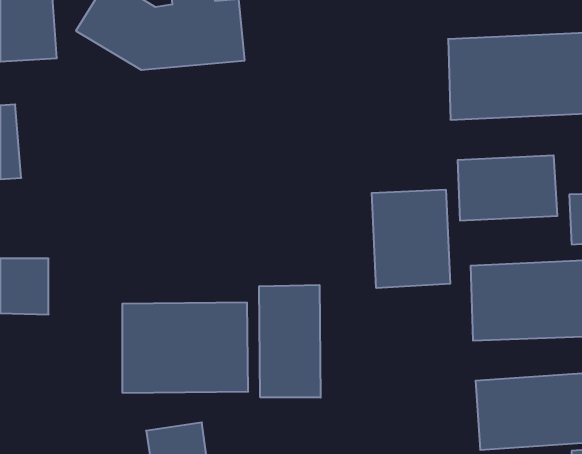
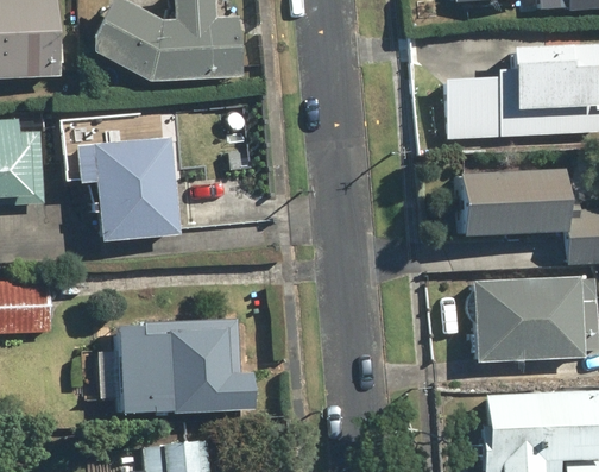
building: none -> [86,138,179,243]
building: [372,190,450,288] -> none
building: [259,285,321,398] -> none

